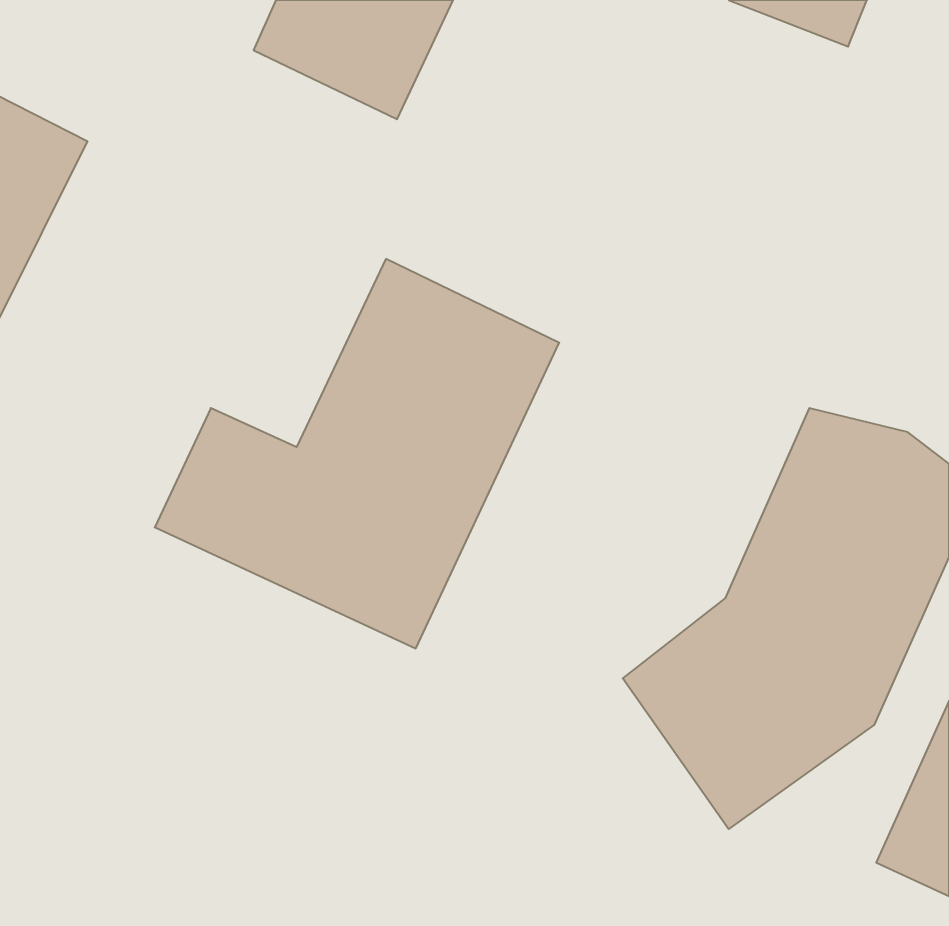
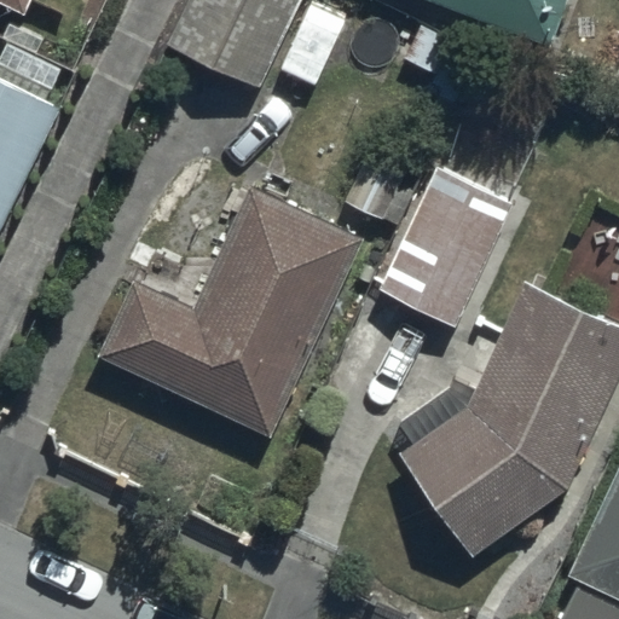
building: none -> [377,166,516,328]

